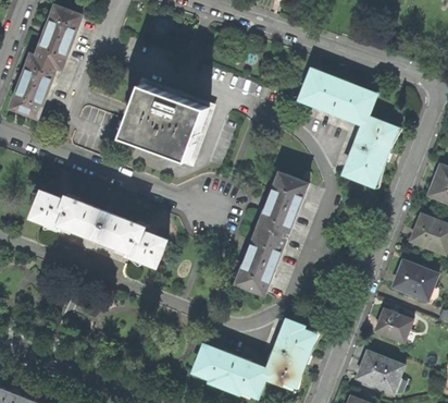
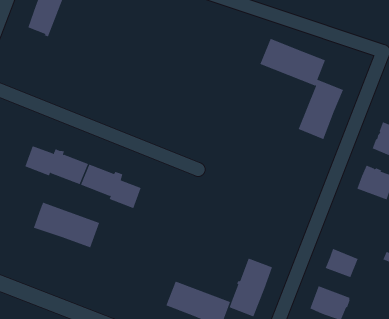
building: [12,56,57,117] -> none
building: [123,84,209,160] -> none
building: [236,172,308,294] -> none
building: none -> [33,202,100,248]
building: [391,260,437,301] -> none

